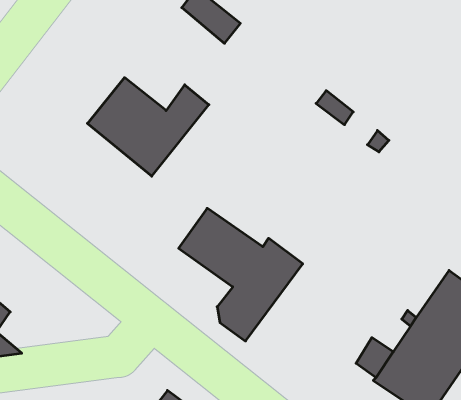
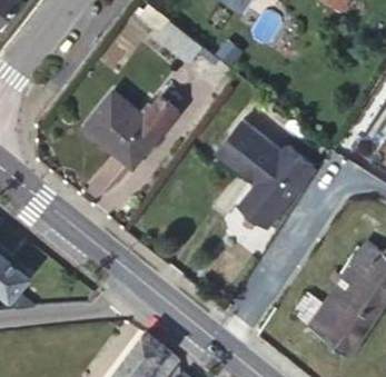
building: [179,208,303,341] -> [217,121,314,225]

